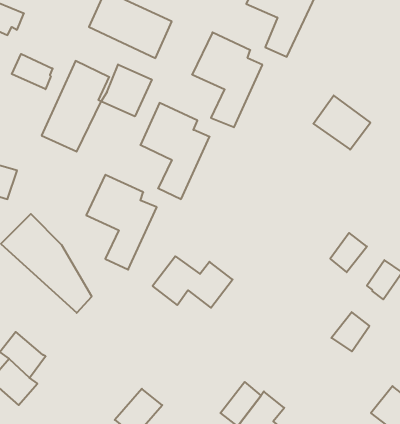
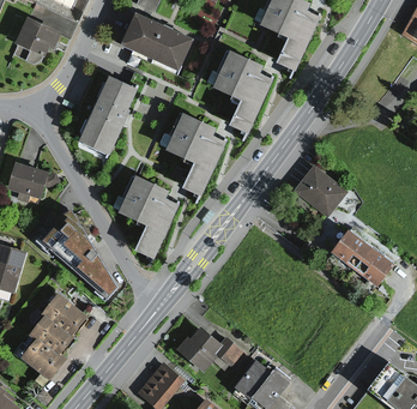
building: [12,54,53,89] -> none
building: [101,64,152,116] -> none
building: [313,95,370,150] -> [298,166,349,213]
building: [153,256,233,308] -> [177,327,248,373]
building: none -> [50,291,93,335]
building: [331,312,369,351] -> [345,239,379,273]

